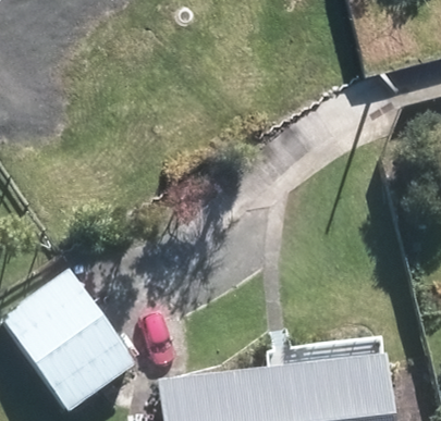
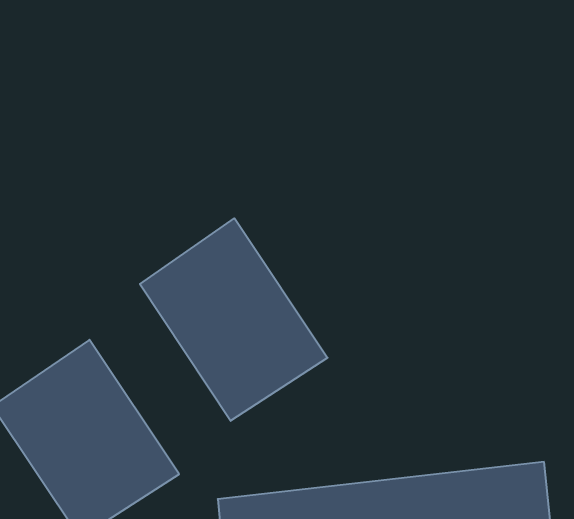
building: none -> [140,218,328,421]

